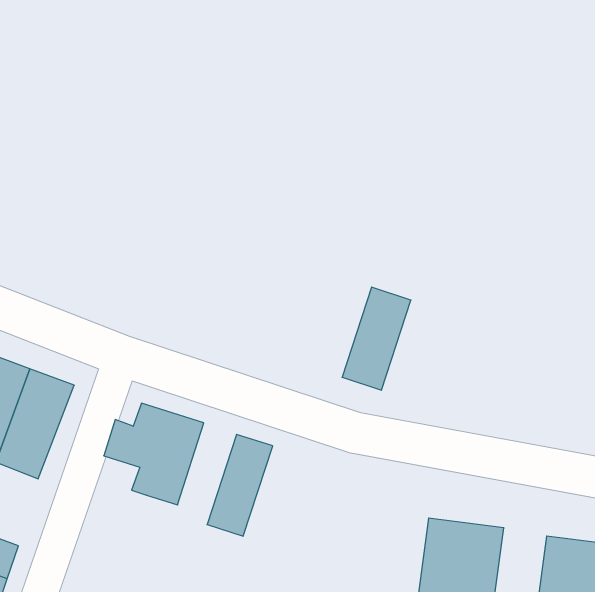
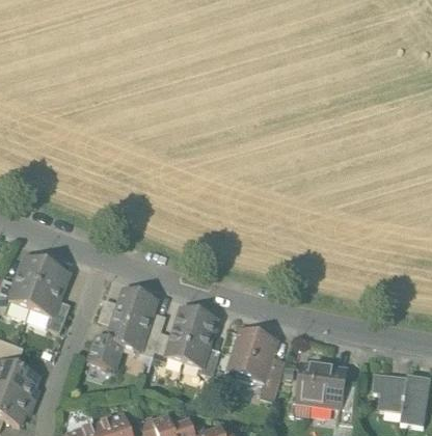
building: [342,287,411,390] -> [185,312,228,378]
building: none -> [223,324,286,388]
building: none -> [83,333,124,372]

